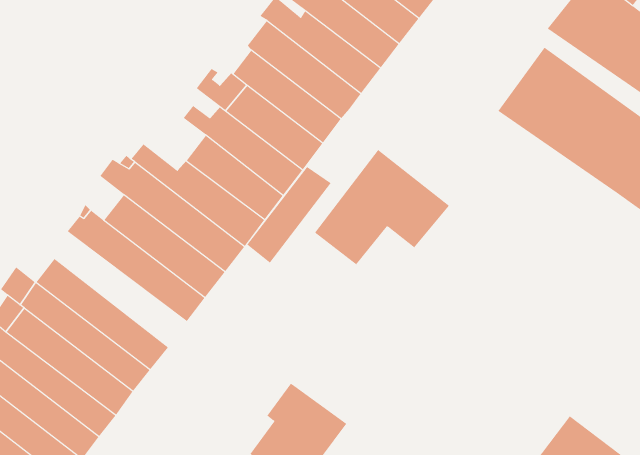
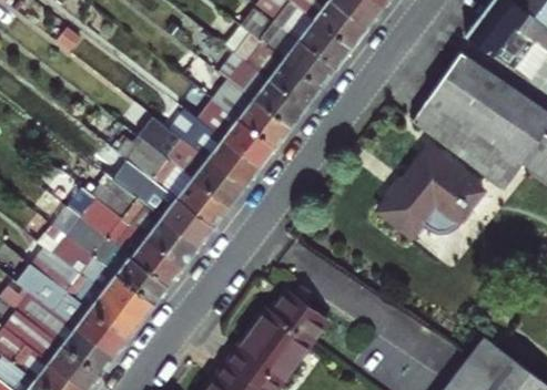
building: none -> [413,99,520,185]
building: [314,149,450,265] -> [378,145,485,236]
building: [247,166,332,264] -> none
building: none -> [80,196,184,284]
building: none -> [269,290,326,343]

